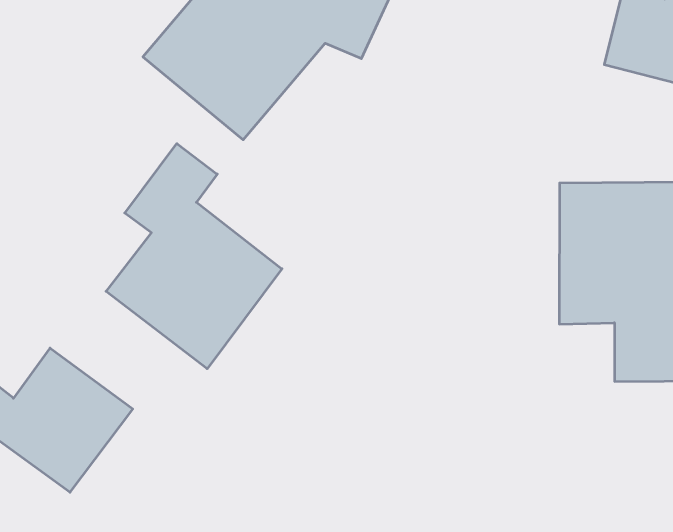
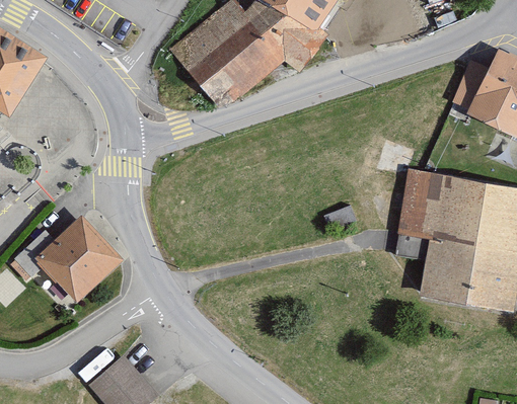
building: [106,144,282,369] -> none

